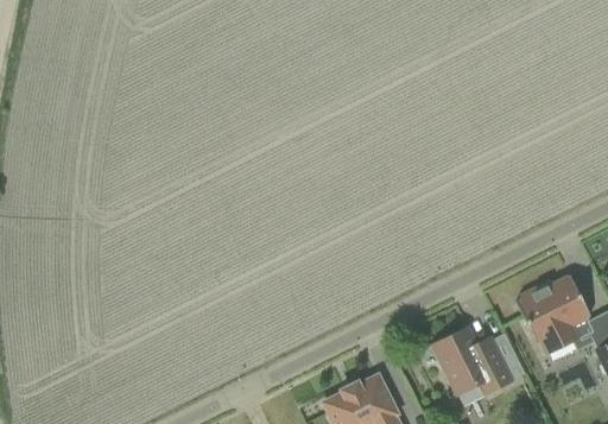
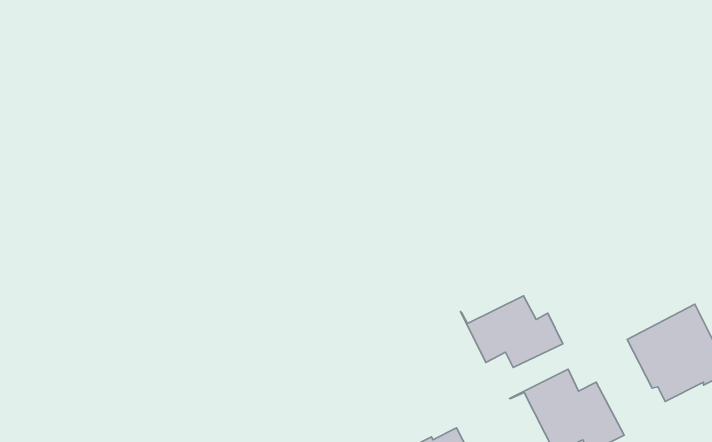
building: none -> [460,296,563,367]

